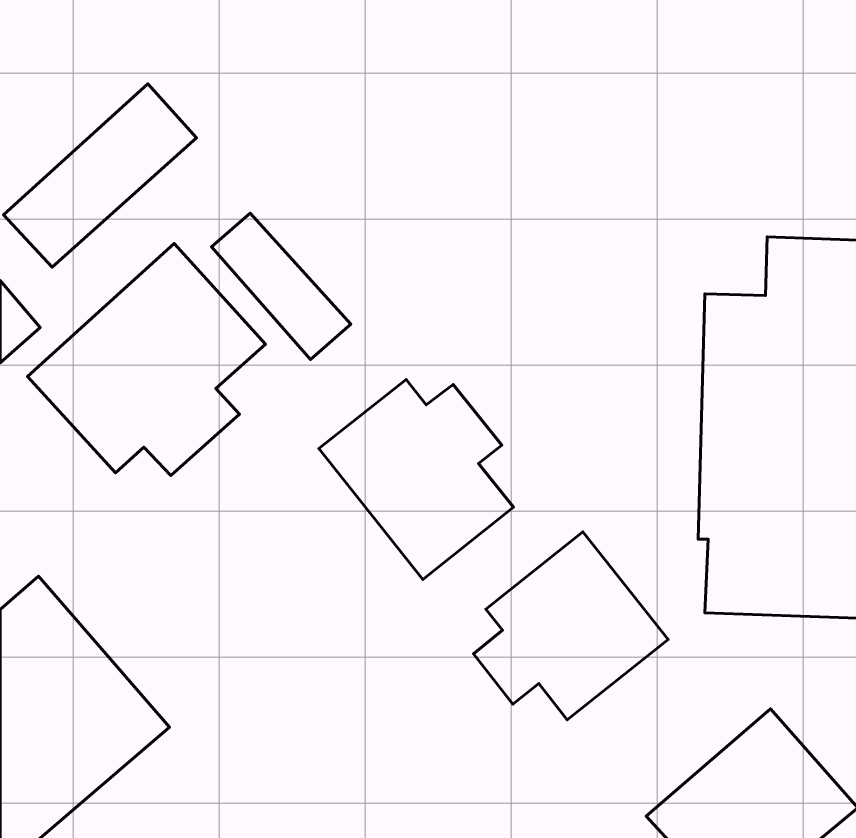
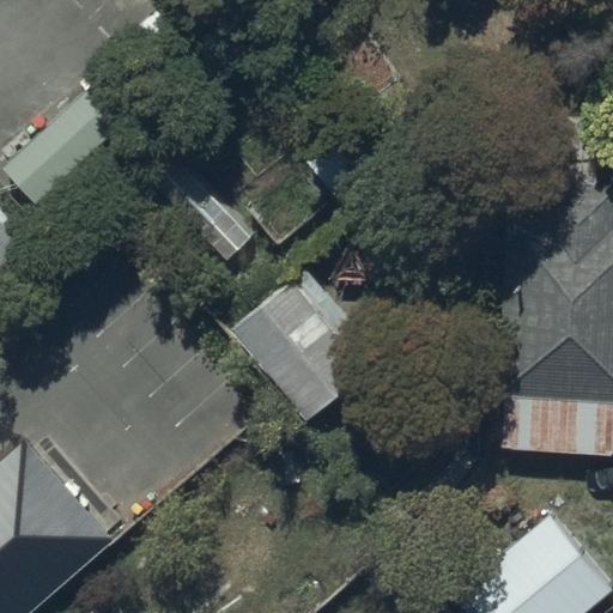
building: [27,243,265,476] -> none
building: [474,532,668,720] -> none

